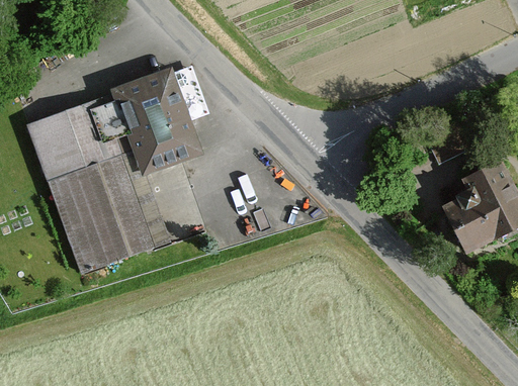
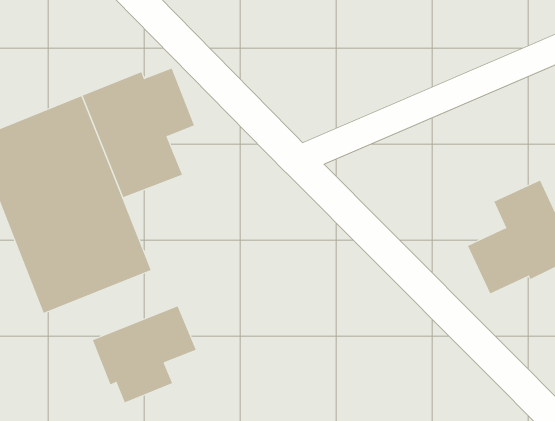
building: none -> [92,305,197,403]

